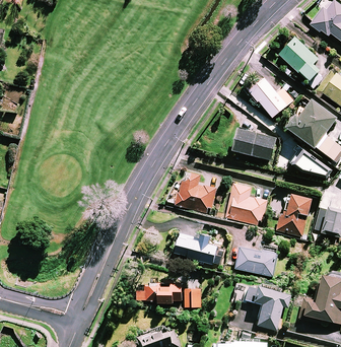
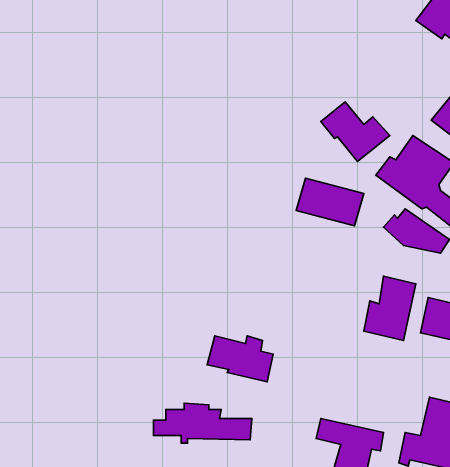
building: [277,37,318,81] -> none
building: [174,171,216,212] -> none
building: [224,183,265,225] -> none
building: [233,245,277,275] -> none

